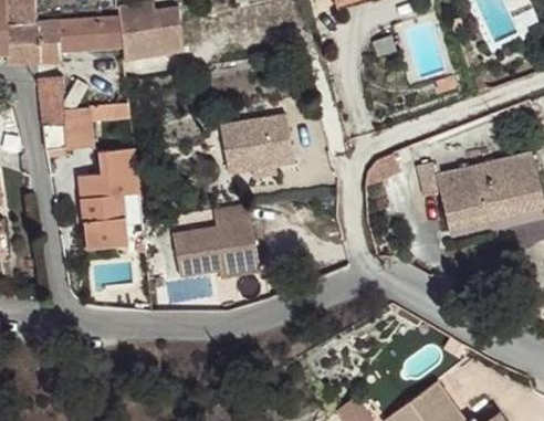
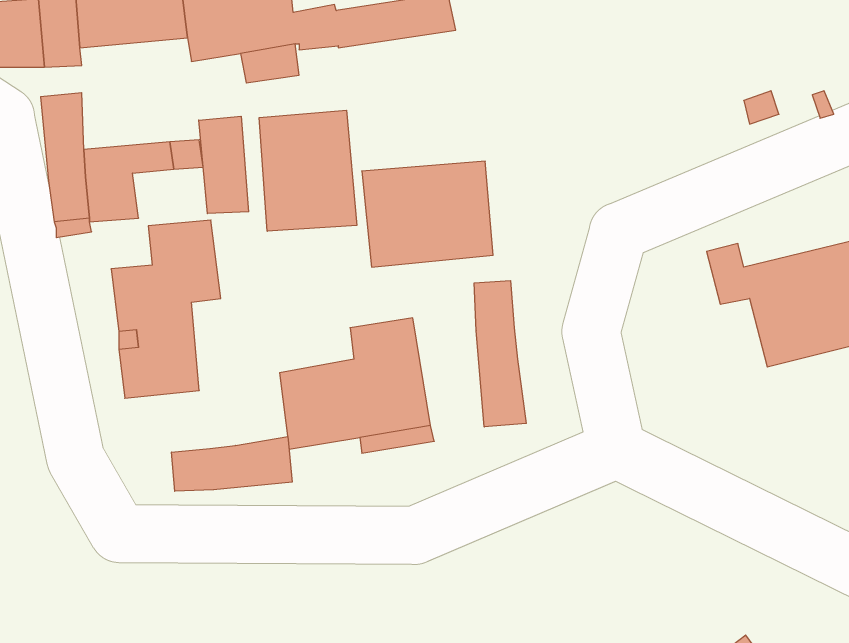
building: none -> [259,110,357,231]
building: none -> [199,116,249,214]
building: none -> [474,281,526,427]
building: none -> [172,437,292,491]

